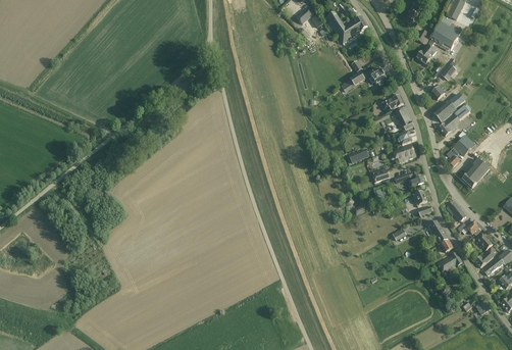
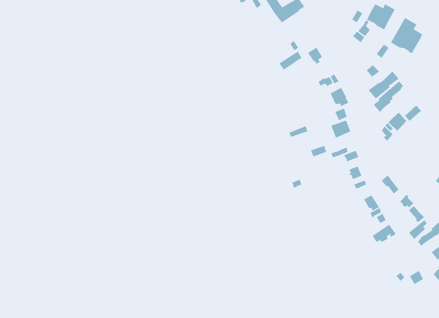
building: none -> [390,17,423,54]
building: [461,155,491,187] -> none

